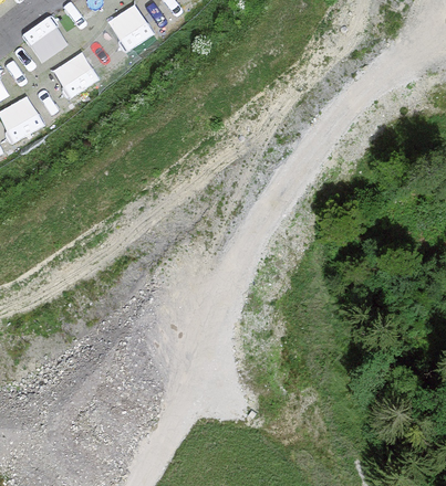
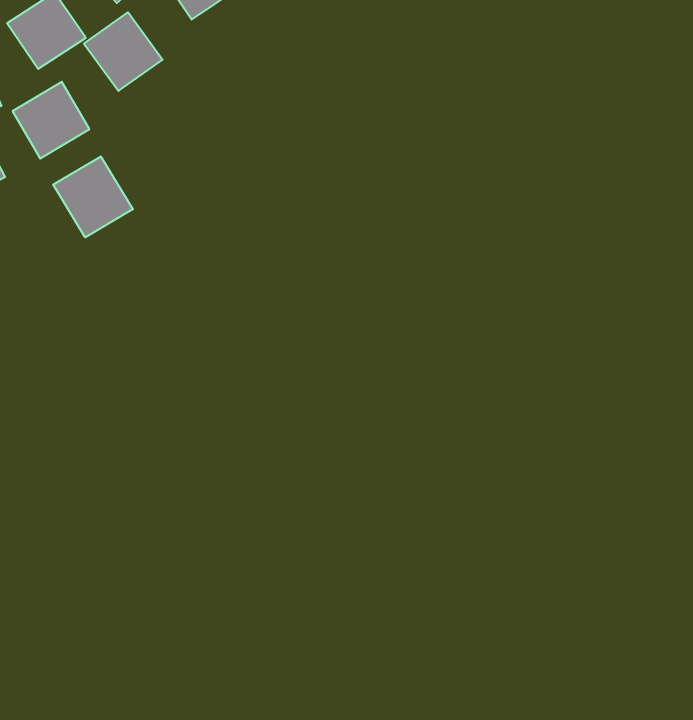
building: none -> [53,156,133,237]

